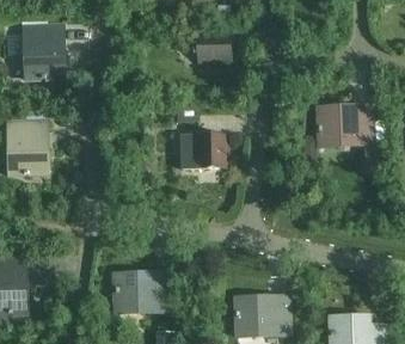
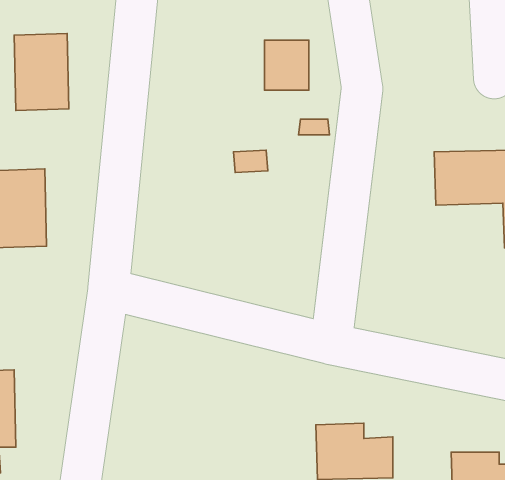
building: [180,135,229,167] -> none
building: [115,272,168,311] -> none

